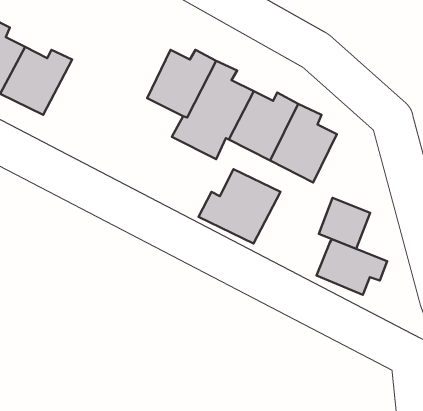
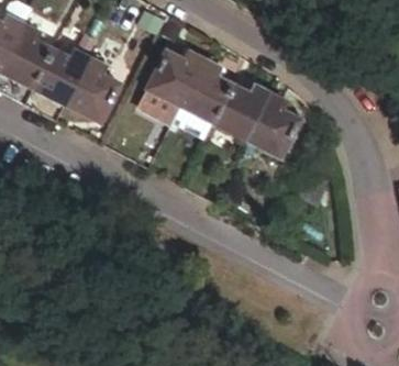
building: none -> [68,63,121,124]
building: [198,169,280,243] -> none
building: [316,239,387,295] -> none

